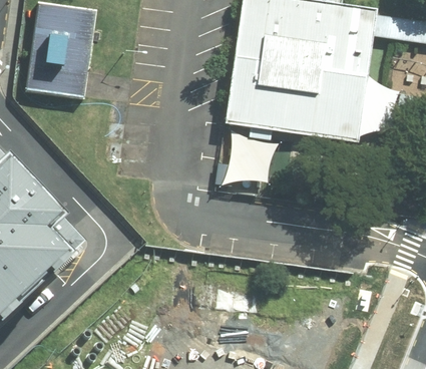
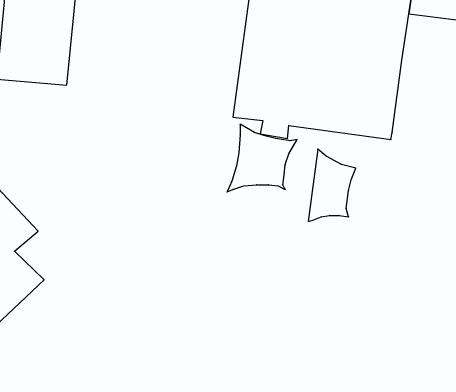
building: [359,74,399,135] -> [308,149,356,221]

